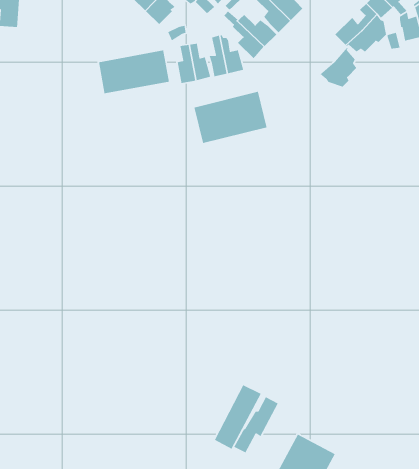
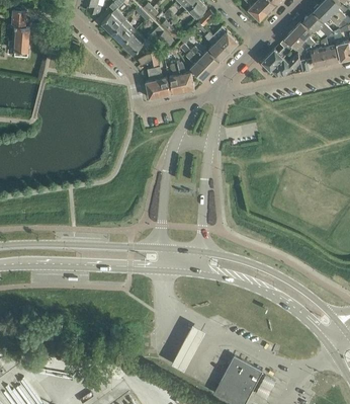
building: [320,47,357,88] -> none
building: [98,50,170,94] -> none
building: [194,91,267,144] -> none
building: [233,396,279,454] -> none

